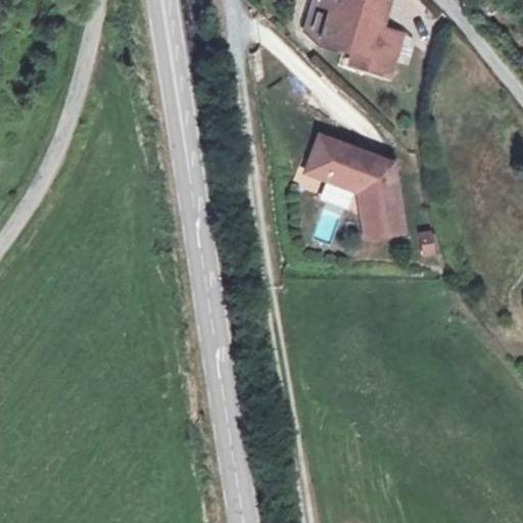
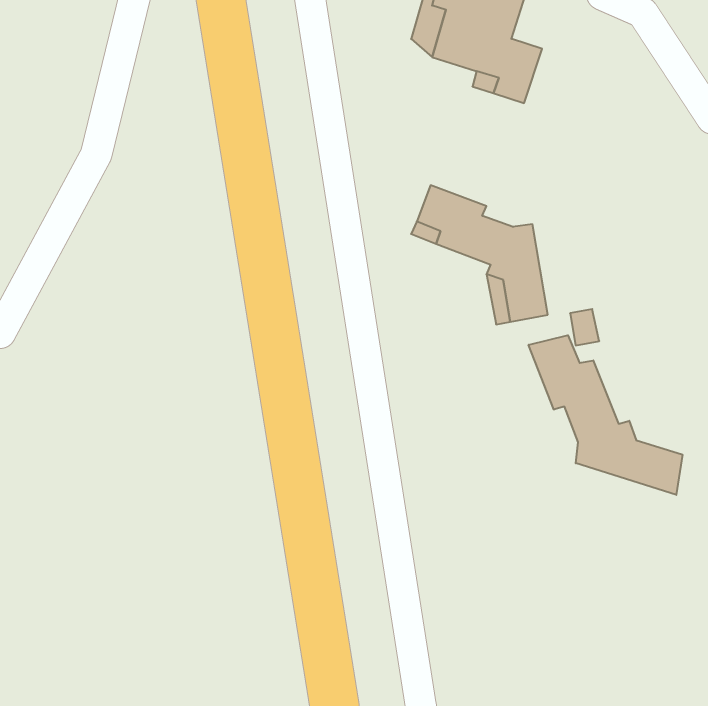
building: none -> [529,335,682,495]

